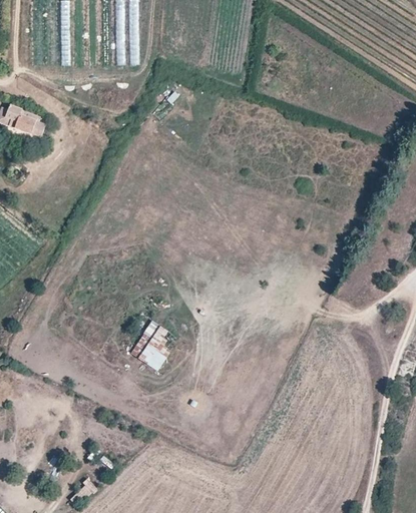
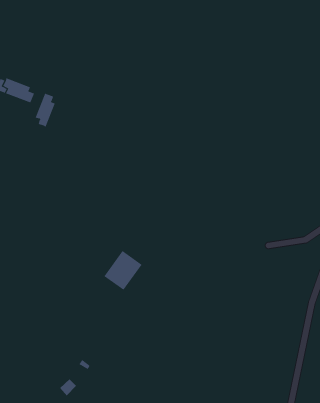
building: none -> [35,93,55,128]

